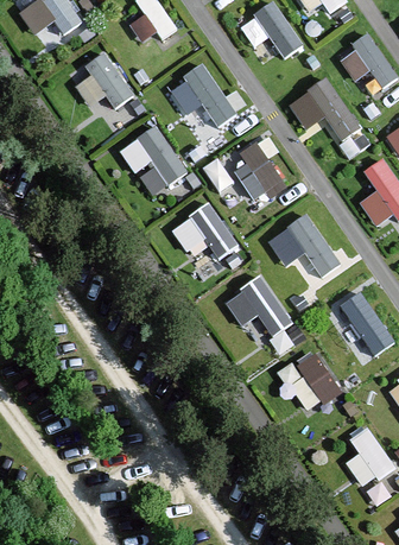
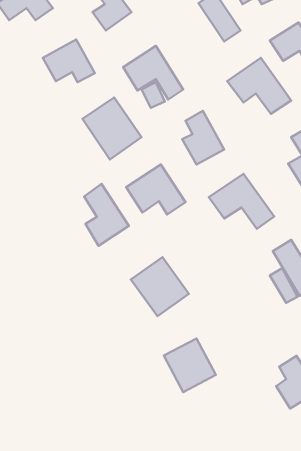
building: none -> [84,184,129,246]
building: [223,275,291,344] -> [131,257,189,316]
building: [280,351,341,414] -> [164,338,216,392]

